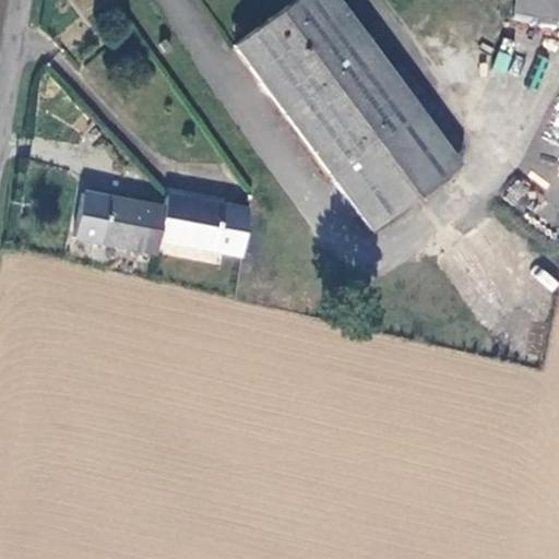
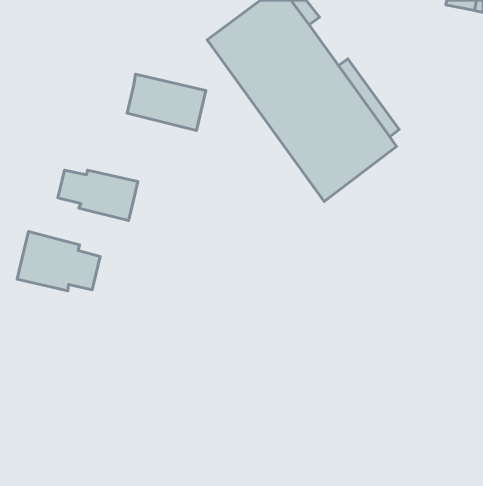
building: [151,197,241,261] -> [127,74,206,130]
building: none -> [17,232,100,291]

